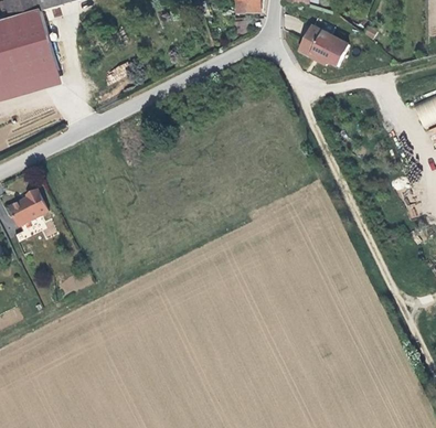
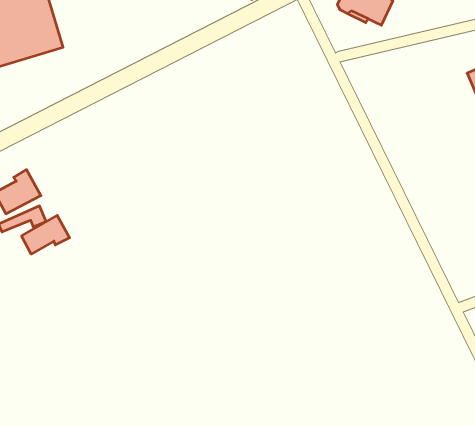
building: none -> [22,215,70,254]

